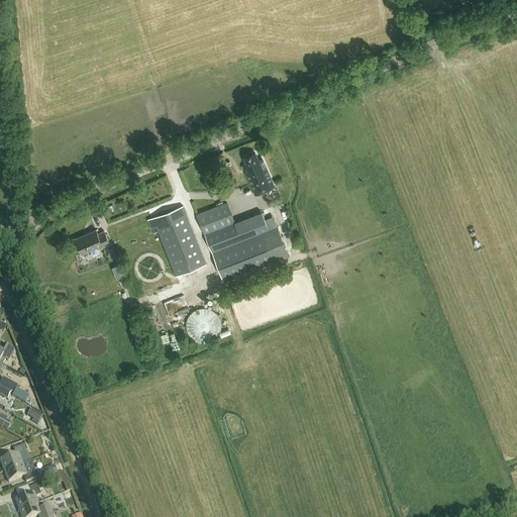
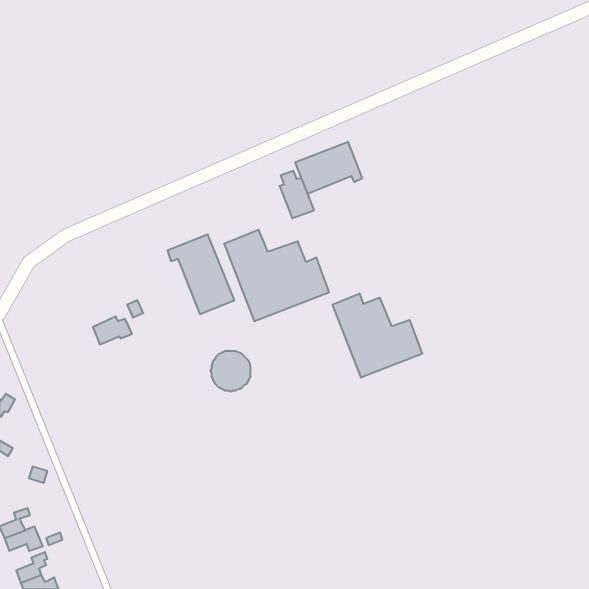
building: none -> [295,142,362,194]
building: [75,228,109,252] -> [93,317,132,344]
building: none -> [333,293,422,378]

